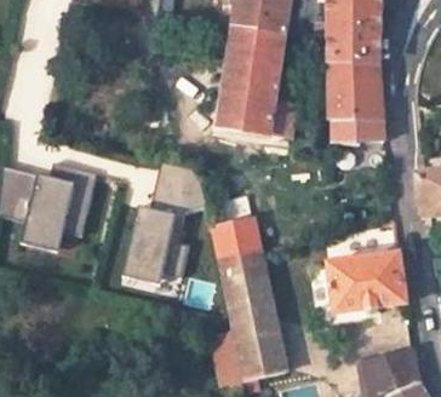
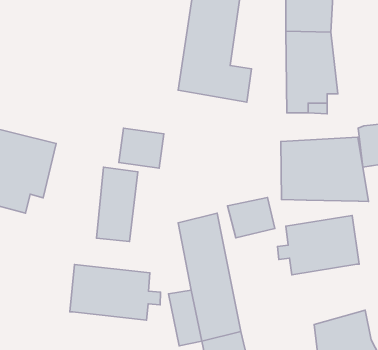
building: none -> [281,137,368,202]
building: [212,219,260,260] -> [227,198,275,238]
building: none -> [70,265,161,320]

